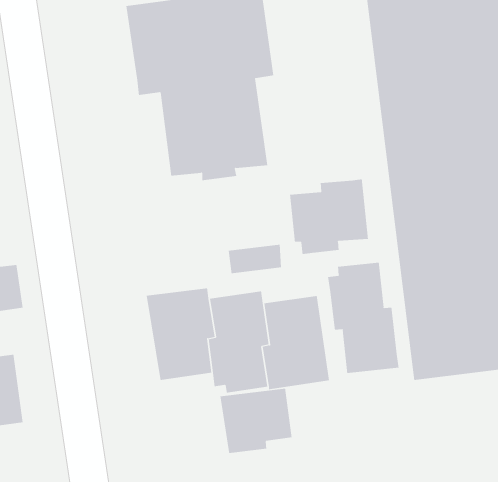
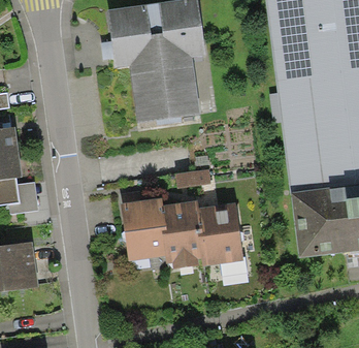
building: [290,179,368,255] -> none
building: [327,262,399,374] -> none
building: [220,388,292,454] -> none

